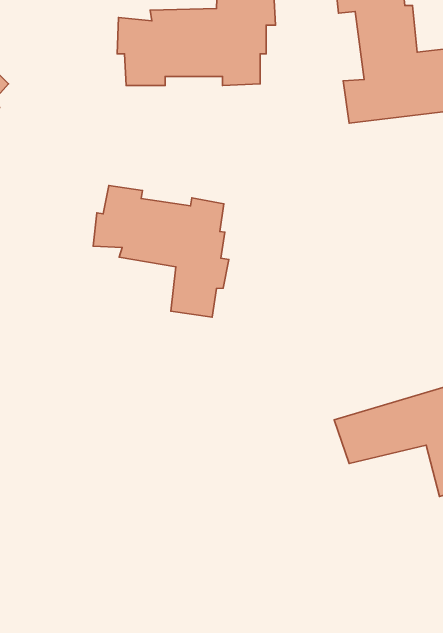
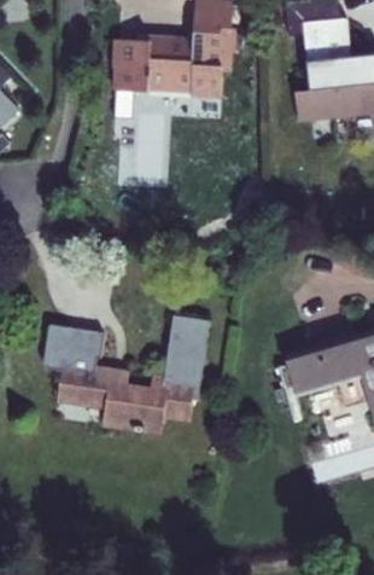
building: [93,185,229,317] -> none
building: none -> [42,316,204,435]

